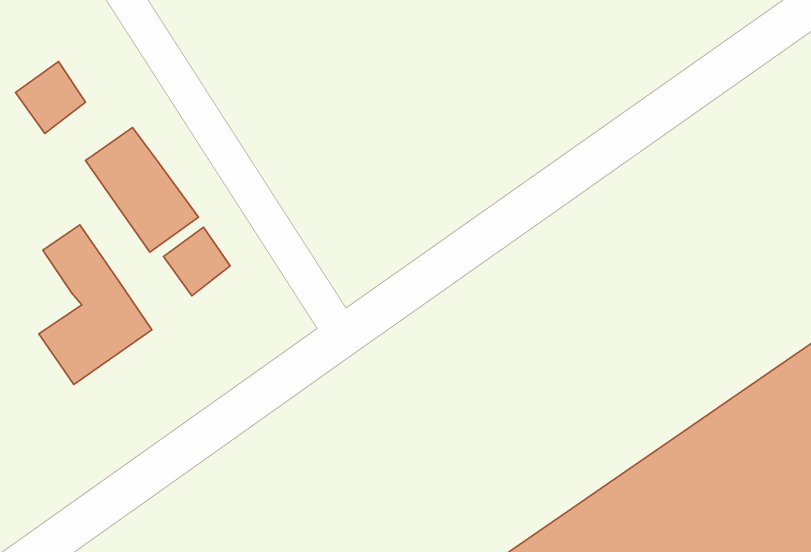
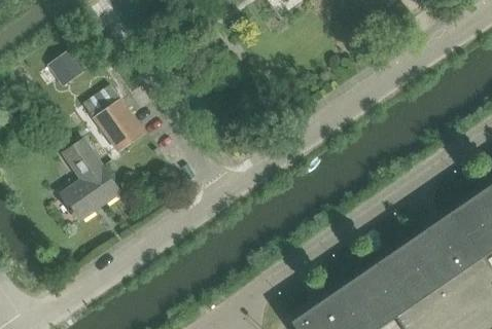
building: [163,227,230,296] -> none

